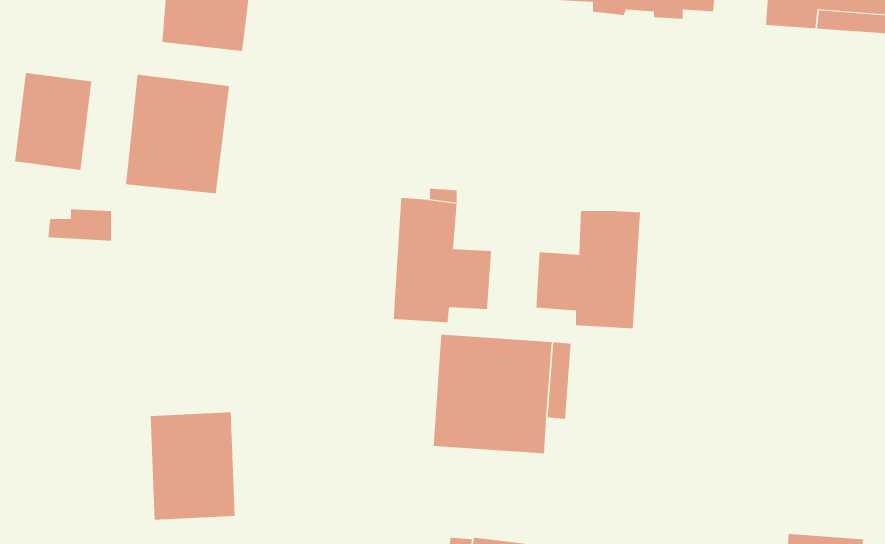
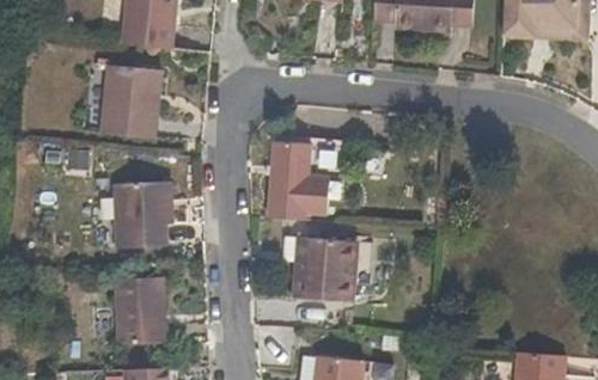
building: [15,72,92,171] -> none
building: [536,210,640,329] -> none
building: none -> [115,183,173,246]

